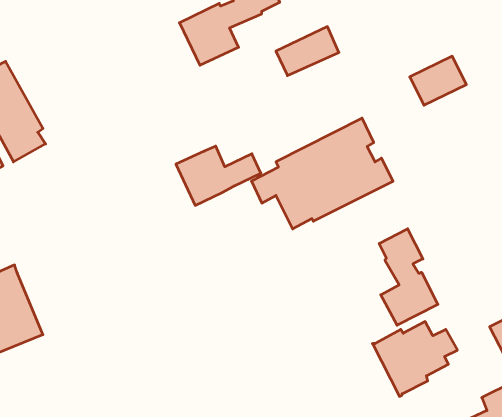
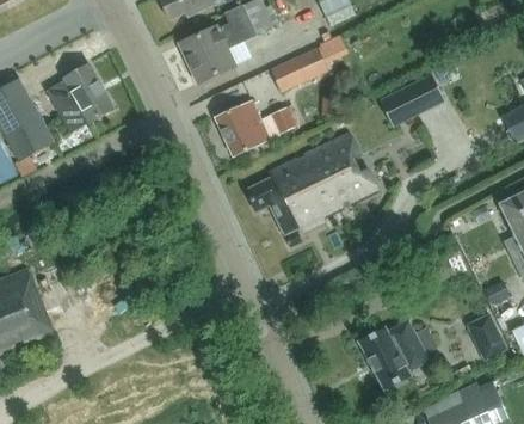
building: none -> [47,63,113,133]
building: [176,146,261,205] -> [215,100,294,155]
building: [379,229,438,325] -> none

